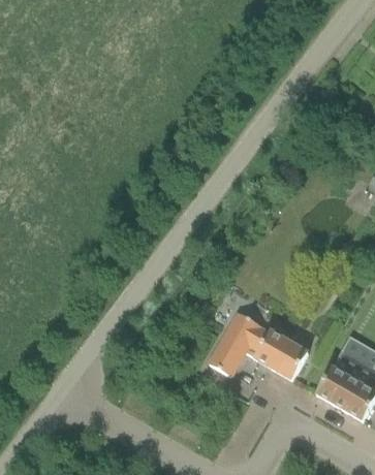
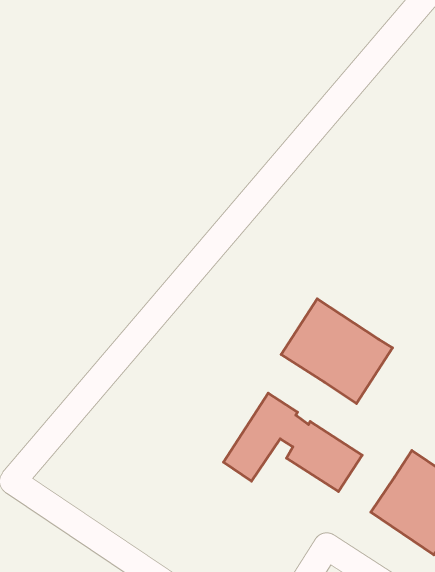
building: none -> [281,299,393,403]

